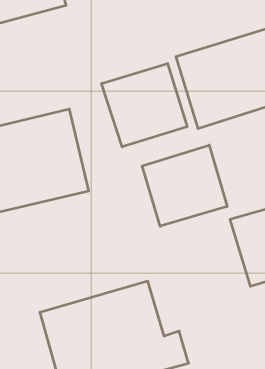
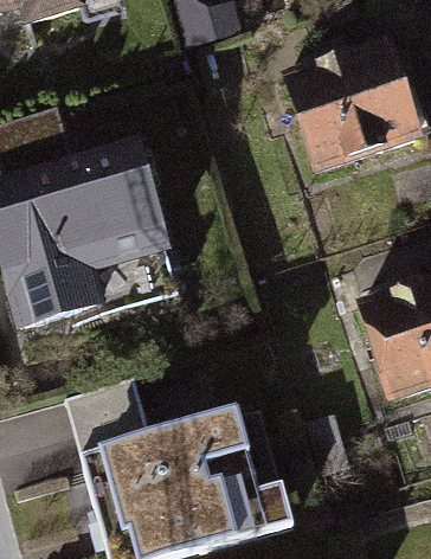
building: [102,63,187,147] -> none
building: [142,145,227,226] -> none

